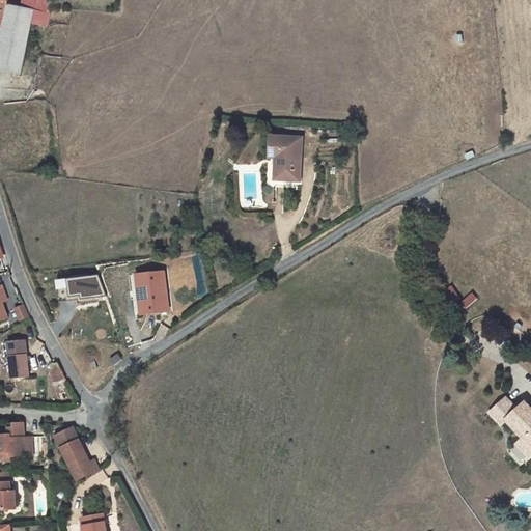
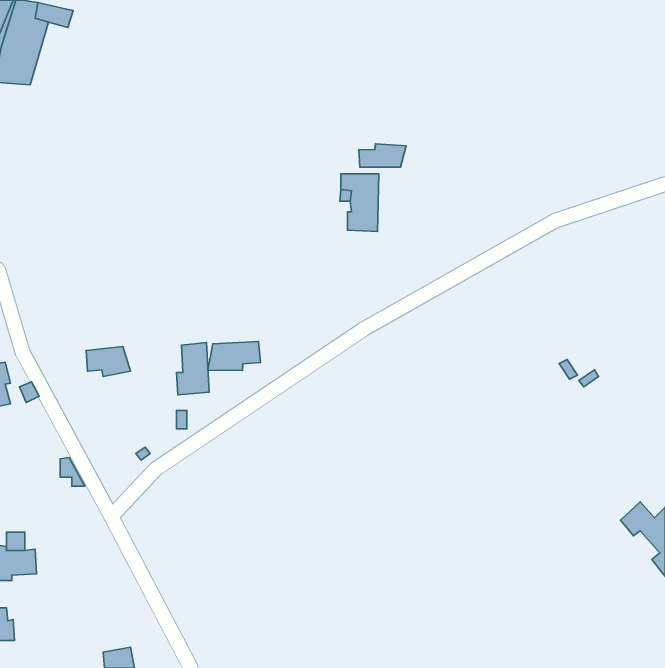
building: none -> [359,144,406,167]
building: none -> [208,341,261,371]
building: [5,338,25,378] -> none
building: [55,427,101,480] -> none

